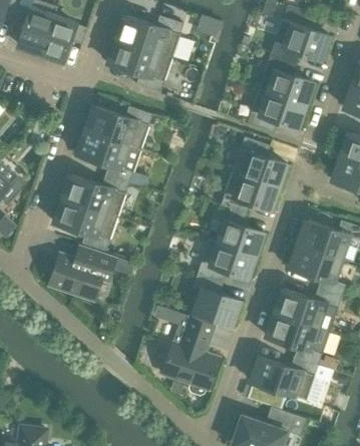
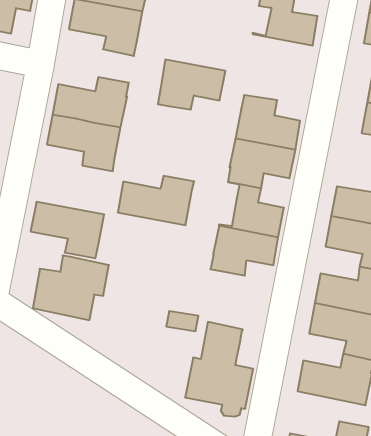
building: [247,89,305,132] -> [158,60,225,109]
building: [64,175,129,217] -> [118,176,194,225]
building: [193,274,240,325] -> none

